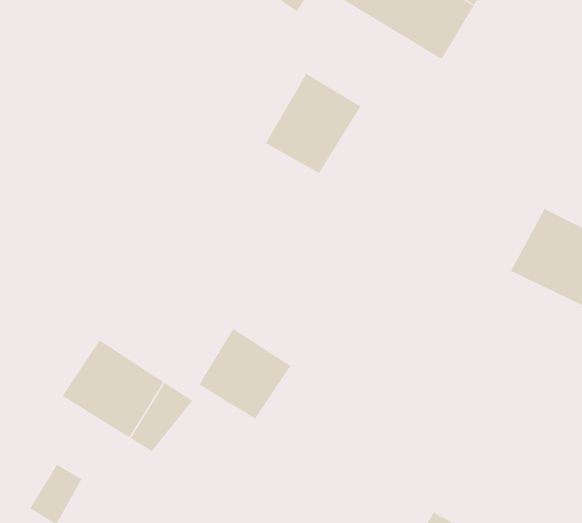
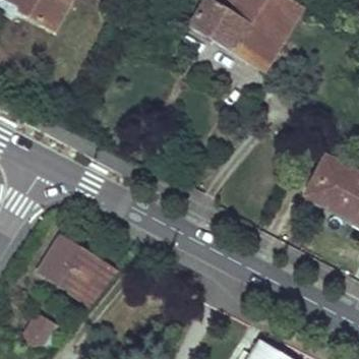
building: [265,73,361,174] -> none
building: [199,328,291,420] -> none

